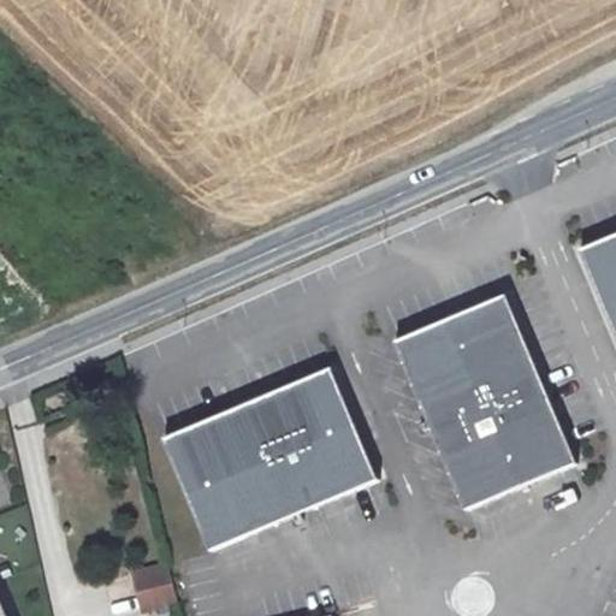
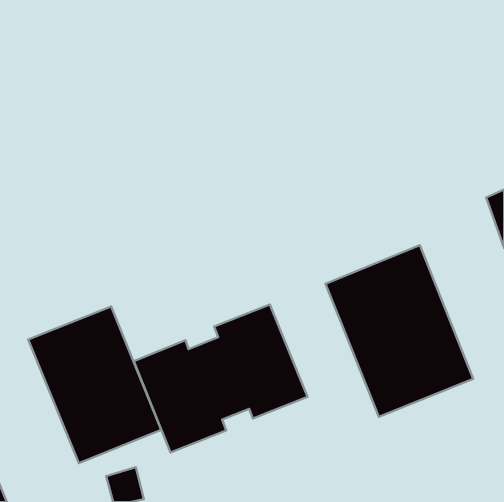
building: none -> [28,306,161,463]

